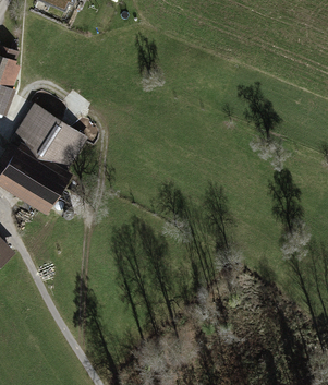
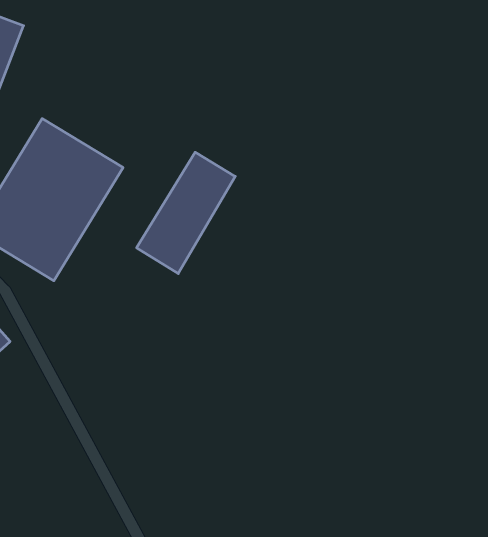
building: none -> [137,152,235,274]

